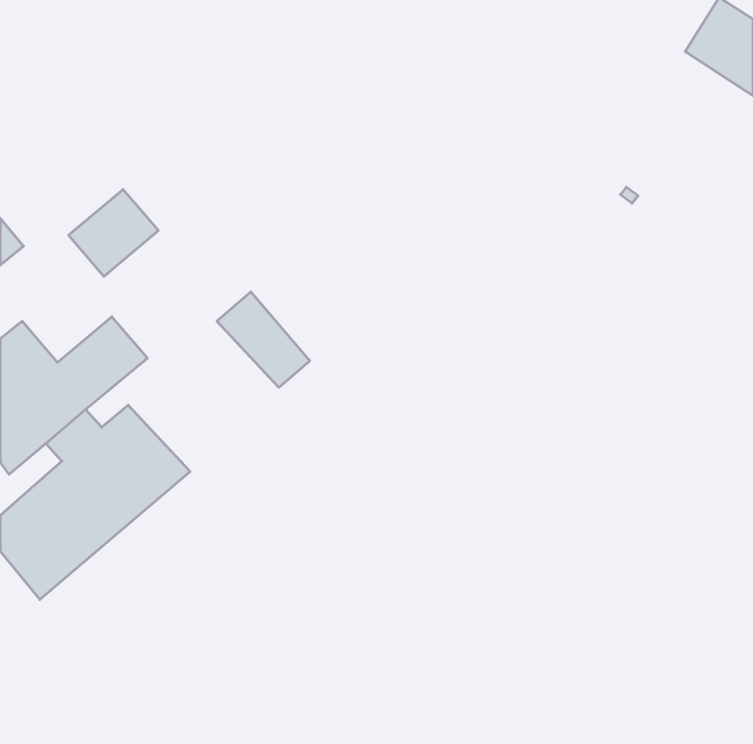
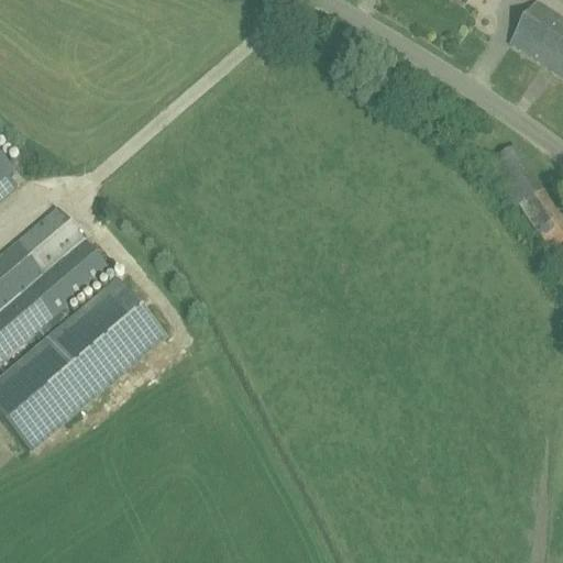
building: [69,189,158,276] -> [16,206,84,271]
building: [217,292,310,387] -> [96,280,165,352]

